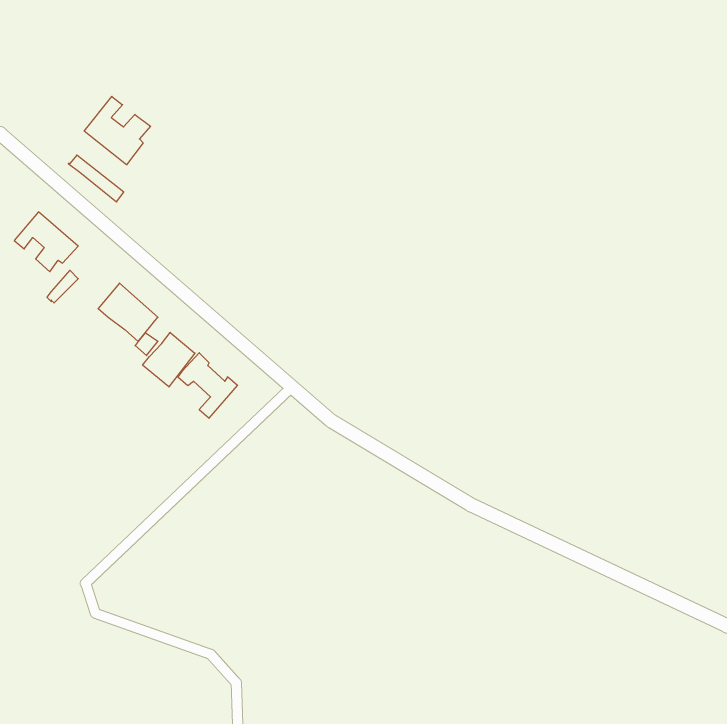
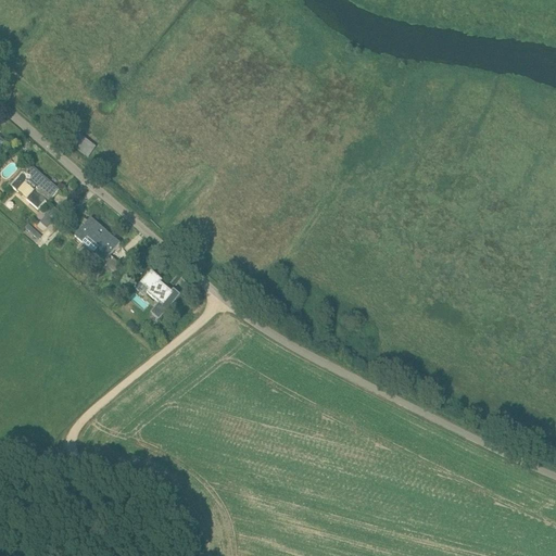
building: [84,96,151,165] -> none
building: [143,332,195,387] -> none

